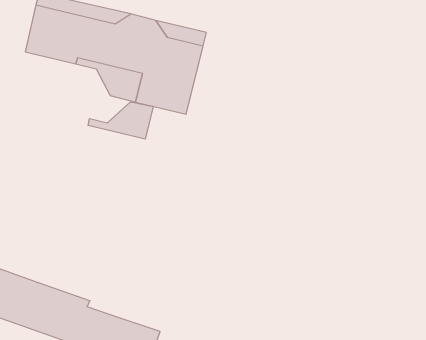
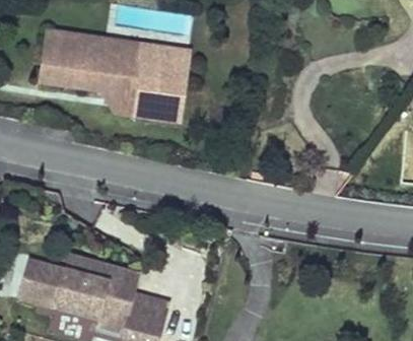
building: [88,102,153,139] -> none
building: none -> [64,256,139,295]

